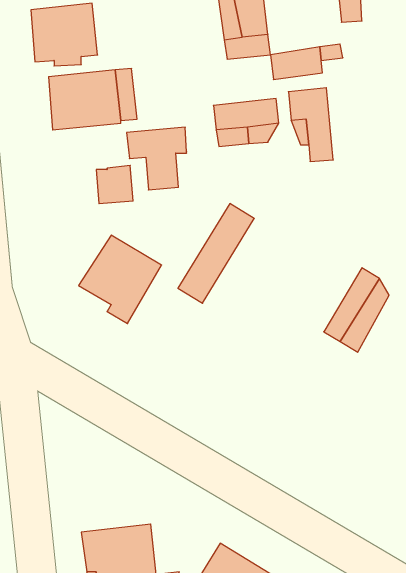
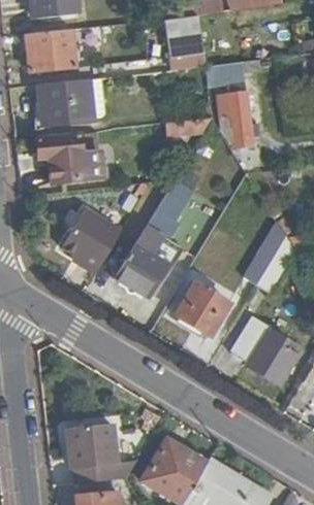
building: [127,127,187,190] -> [36,135,82,182]
building: none -> [117,244,169,297]
building: none -> [176,281,230,335]
building: none -> [231,324,299,383]

